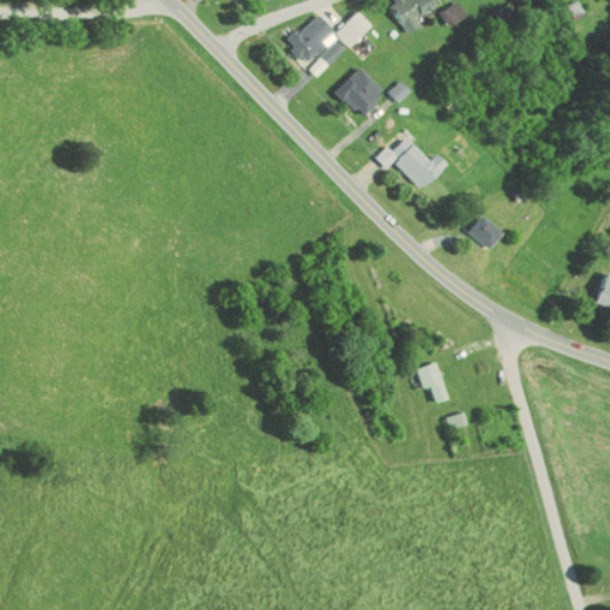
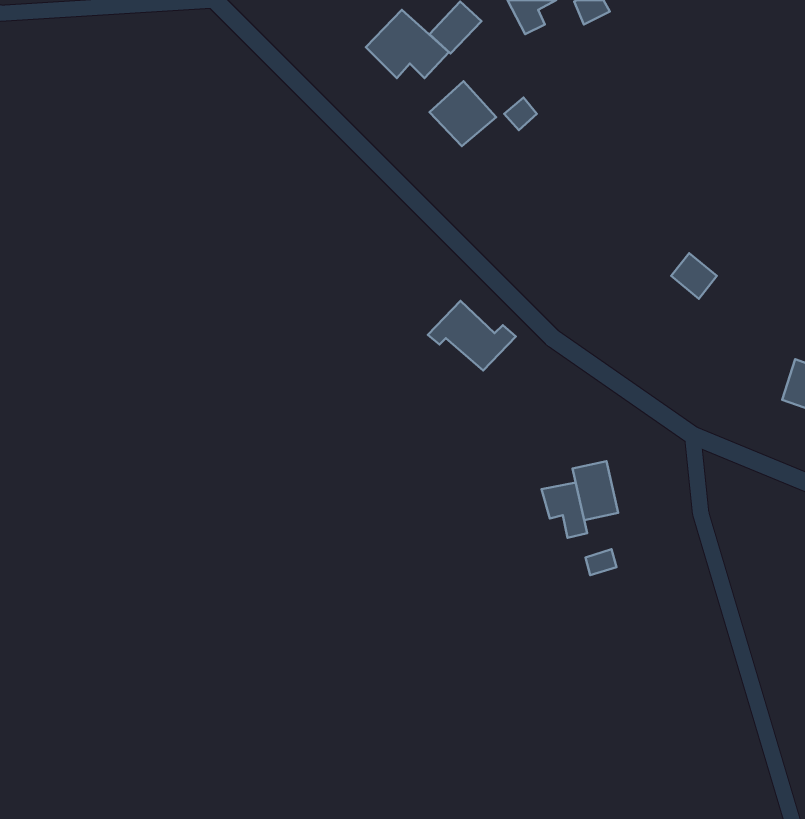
building: [379,136,443,187] -> [428,301,516,371]
building: [466,216,499,249] -> [671,253,717,299]
building: none -> [573,461,618,520]

